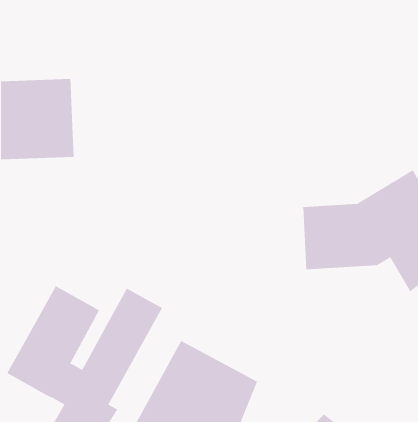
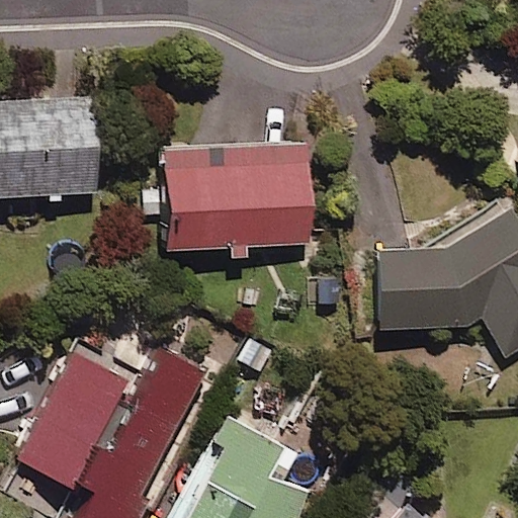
building: none -> [163,144,313,250]

